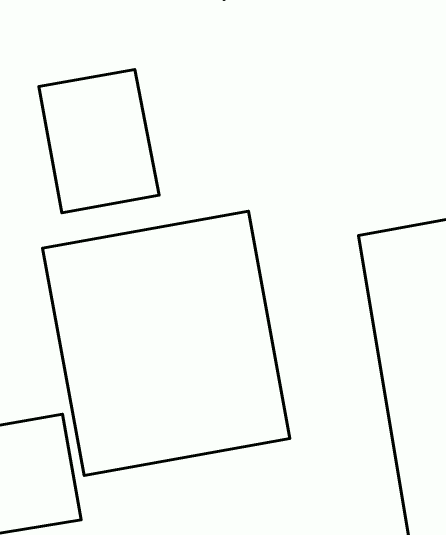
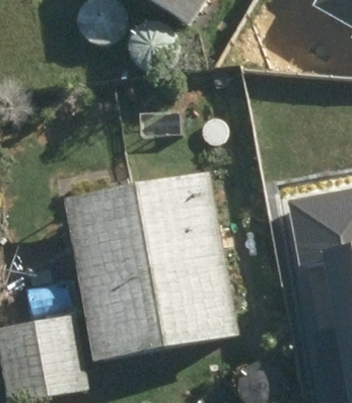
building: [39,69,159,213] -> none

